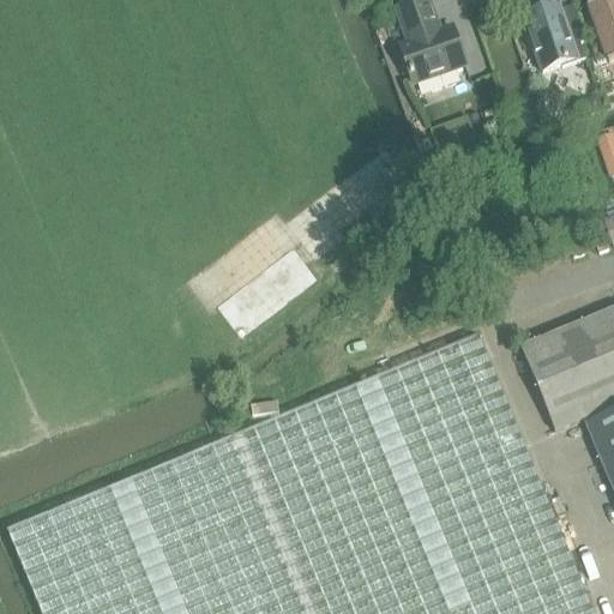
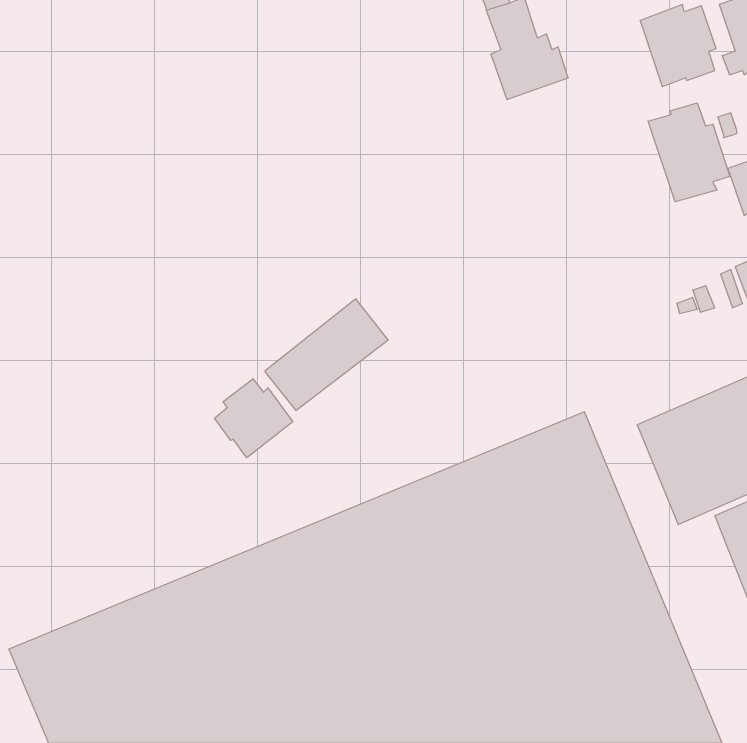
building: none -> [648,103,730,202]
building: none -> [214,379,293,458]

